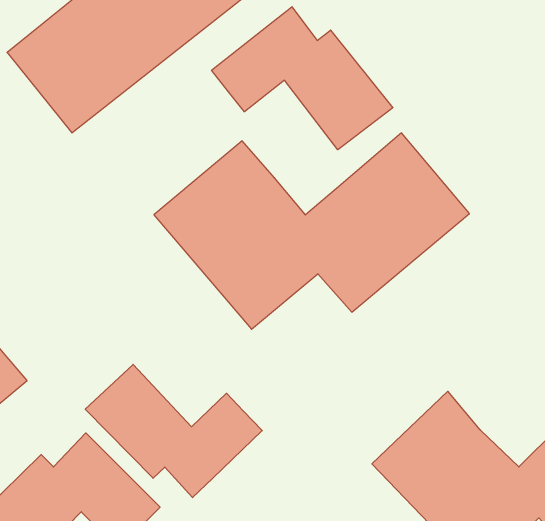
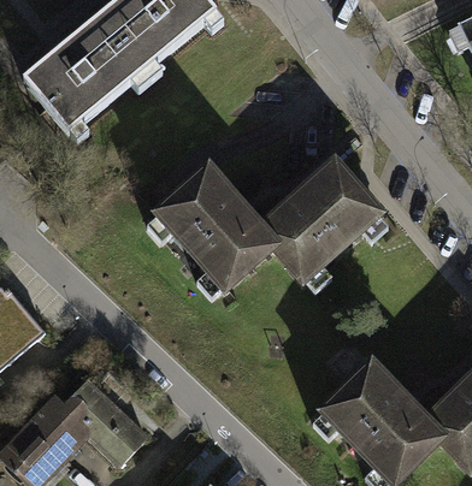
building: [212,7,393,150] -> none
building: [85,364,262,498] -> none

